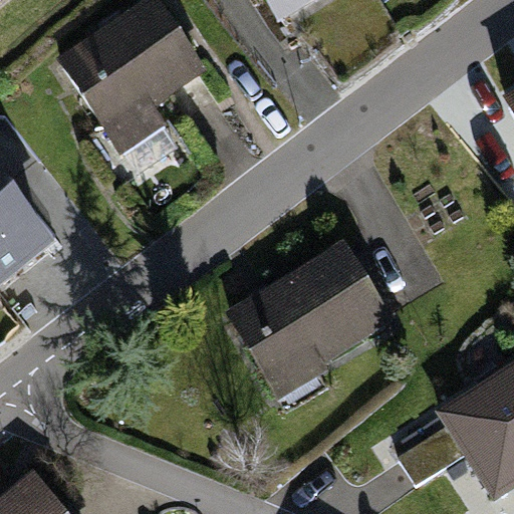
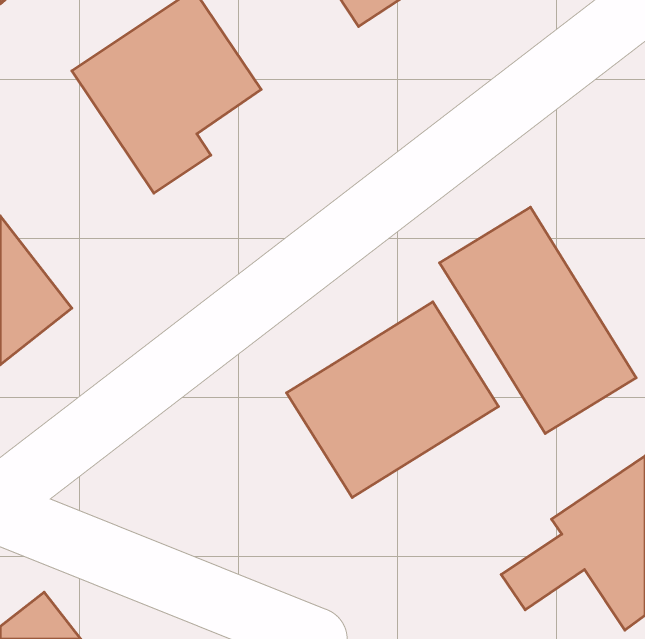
building: none -> [440,207,636,433]

